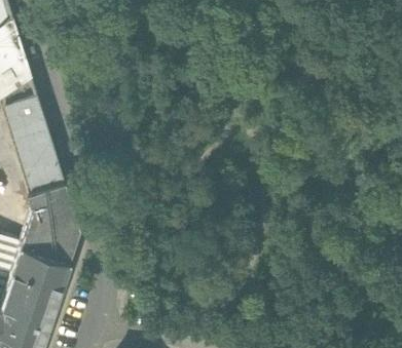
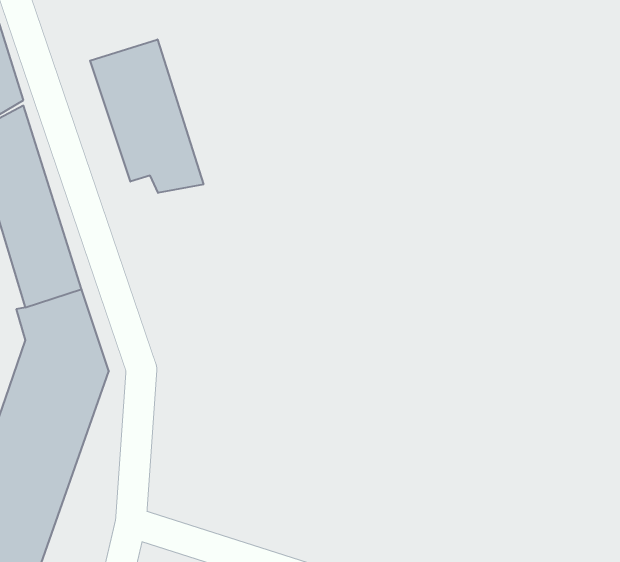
building: none -> [90,39,203,193]

